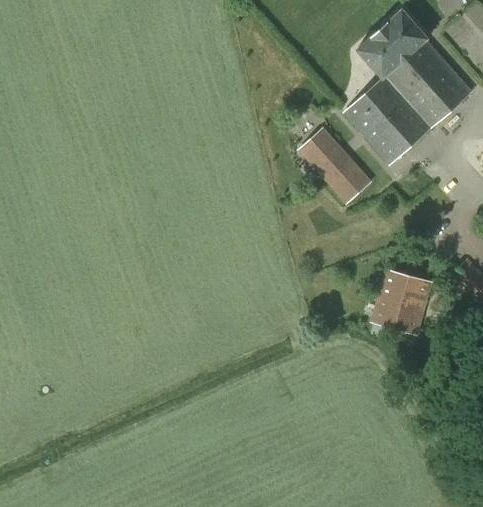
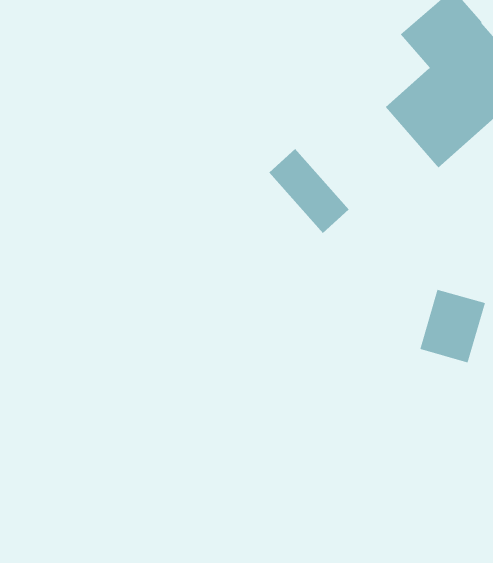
building: [300,128,370,202] -> [268,148,349,234]

